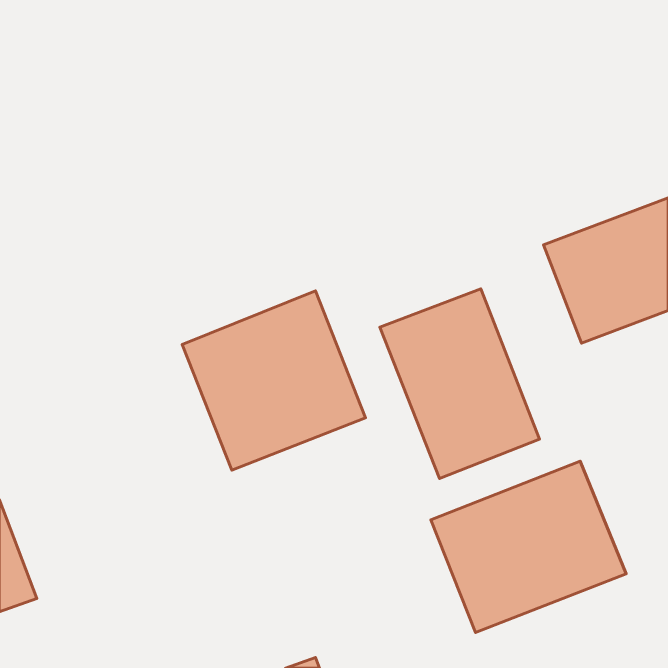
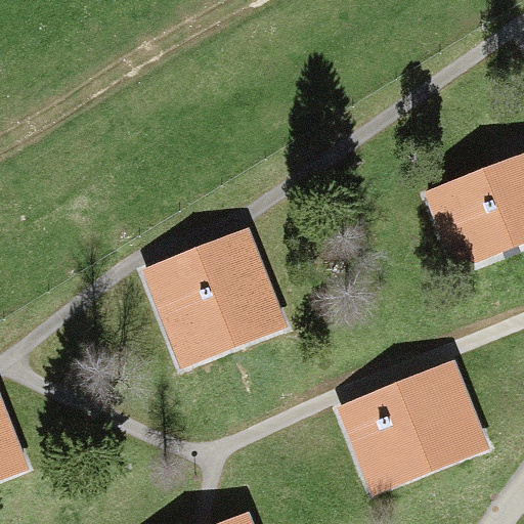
building: [380,289,540,478] -> none

